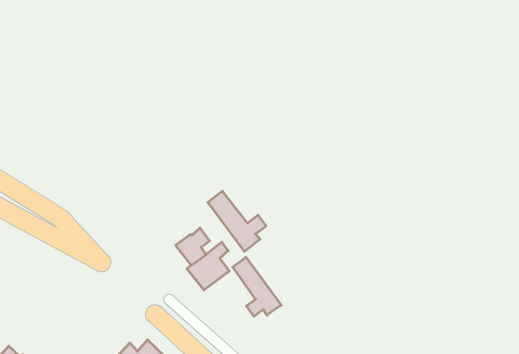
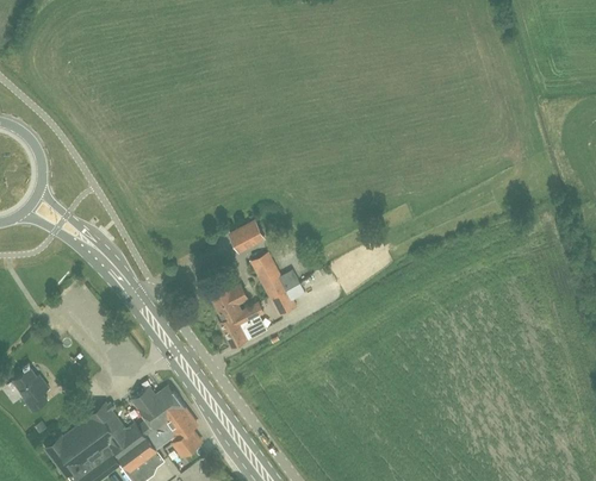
building: none -> [229,221,263,251]
building: [233,257,281,316] -> none

